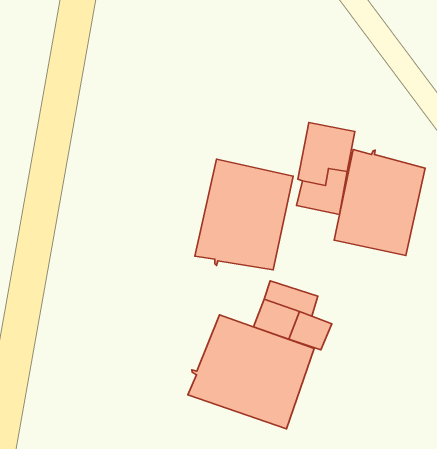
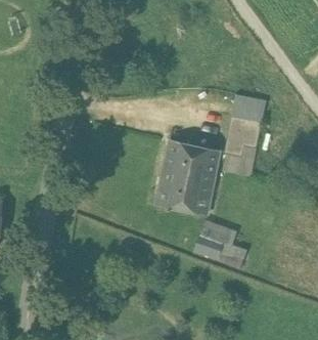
building: none -> [231,94,267,122]
building: [334,150,425,255] -> none
building: [188,315,314,429] -> none

